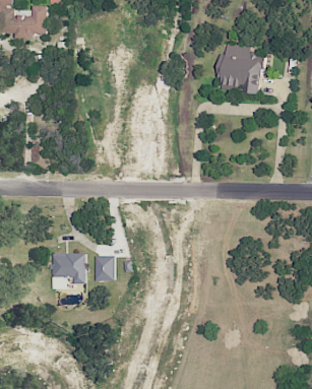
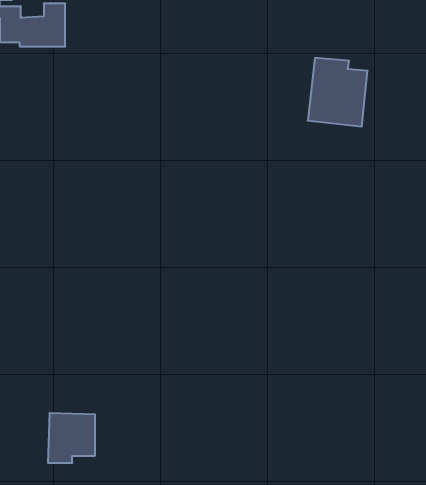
building: [51,253,84,288] -> [48,413,95,463]
building: [93,256,114,280] -> none

